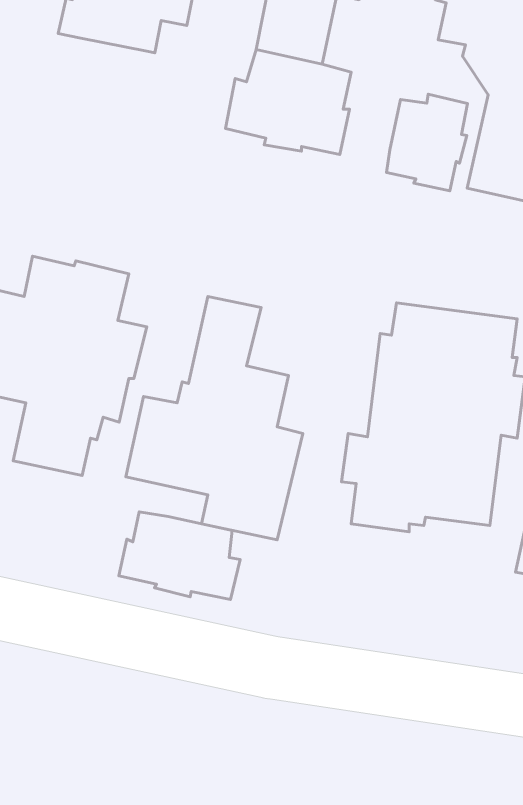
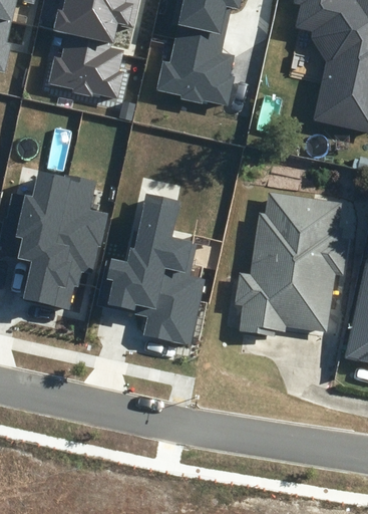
building: none -> [51,32,126,97]
building: [387,94,467,191] -> none
building: [119,512,240,599] -> none

